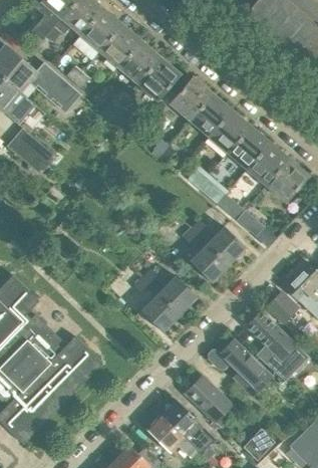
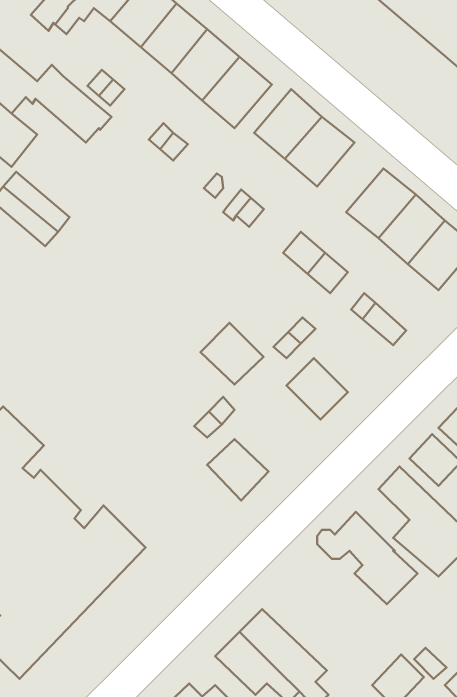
building: [209,109,250,153] -> none
building: [207,226,245,264] -> none
building: [157,275,197,313] -> [200,323,264,384]
building: [185,376,237,428] -> none

